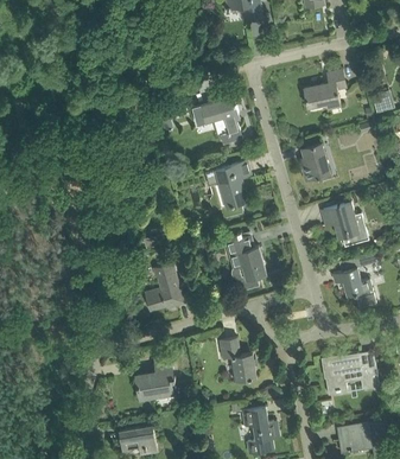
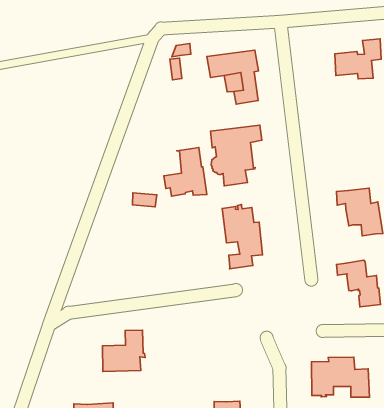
building: [301,144,330,180] -> none
building: [145,263,185,310] -> [164,147,207,196]
building: [220,338,256,381] -> none

